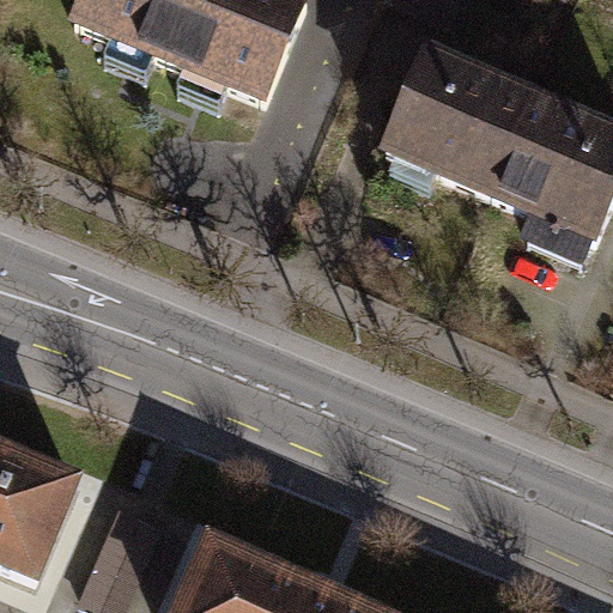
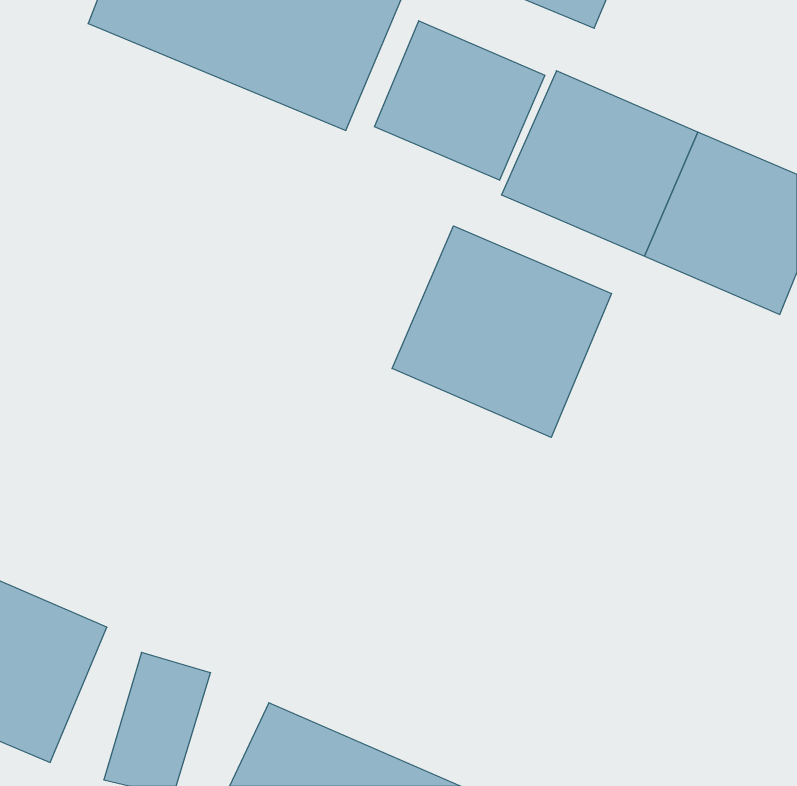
building: none -> [375,21,545,180]
building: none -> [392,226,611,437]

